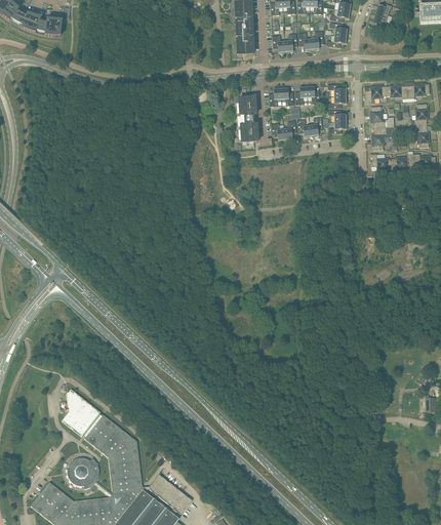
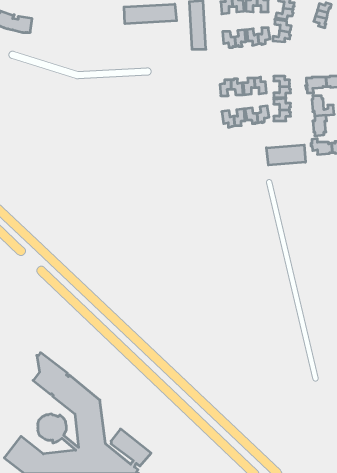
building: none -> [124,4,177,24]
building: [233,94,257,143] -> none
building: none -> [266,145,305,165]

